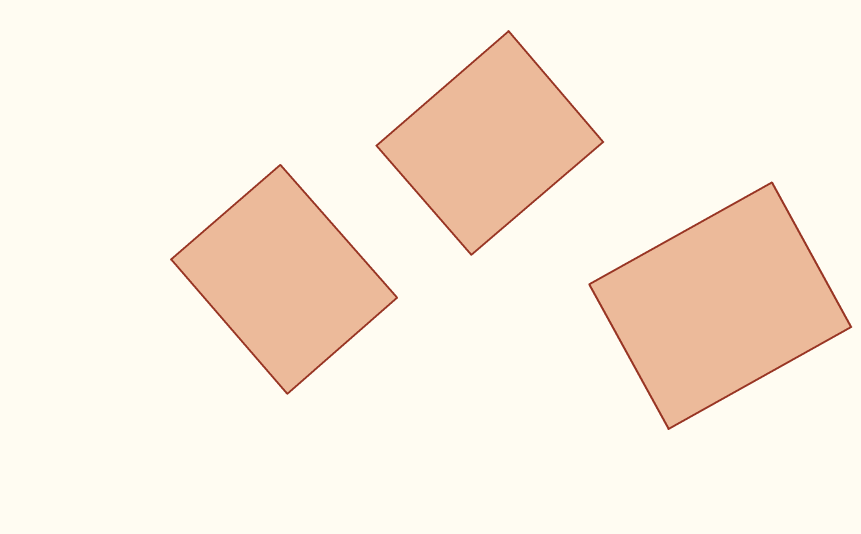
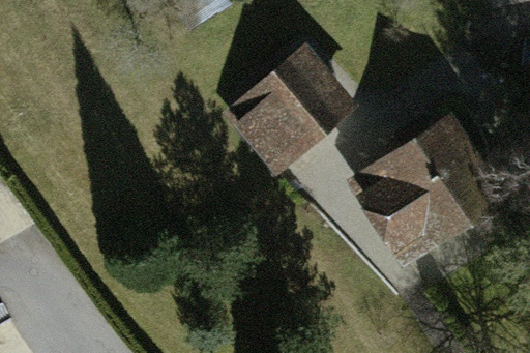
building: [171,165,397,394] -> none

